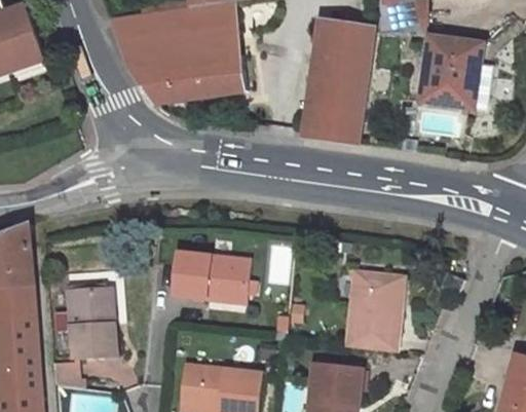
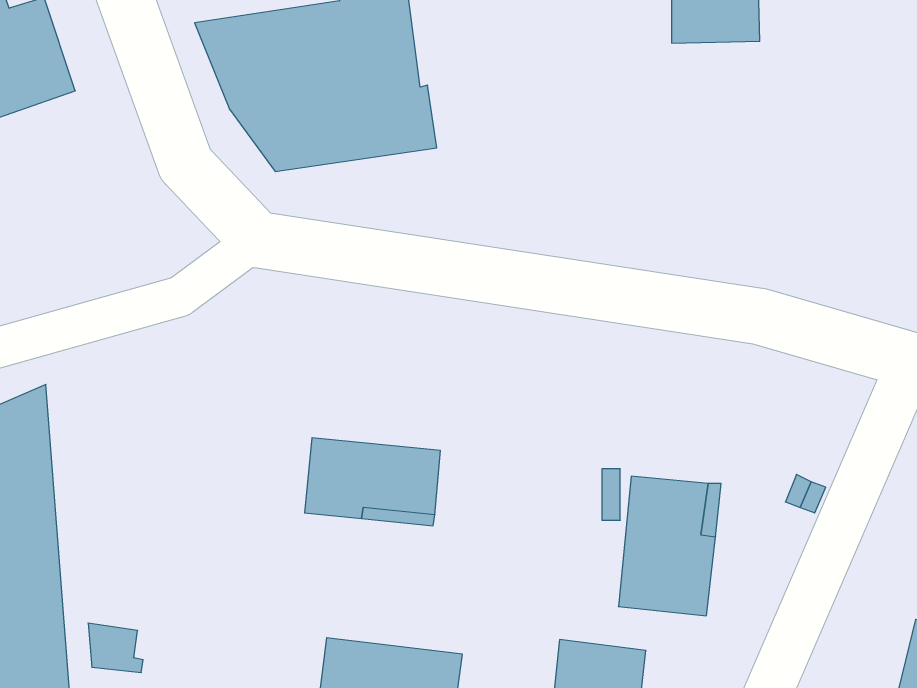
building: [303,13,374,142] -> none
building: [421,36,491,108] -> none
building: [68,285,116,357] -> none

